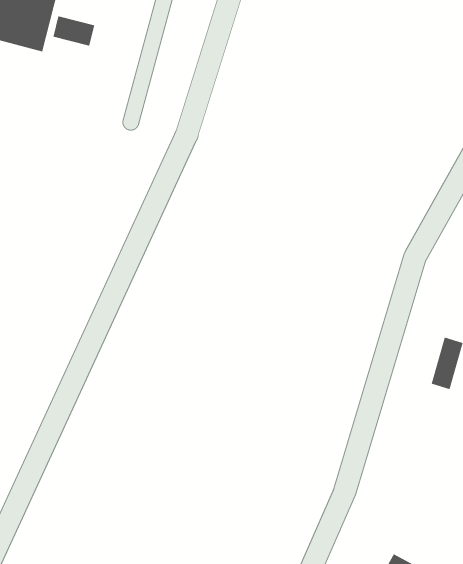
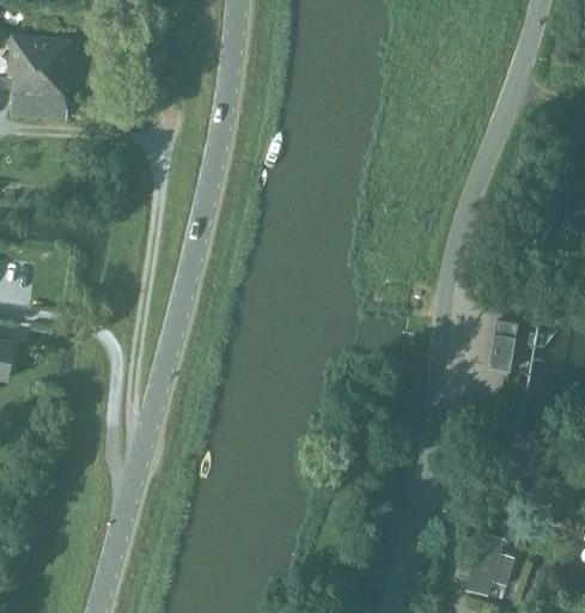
building: [53,15,95,46] -> none

